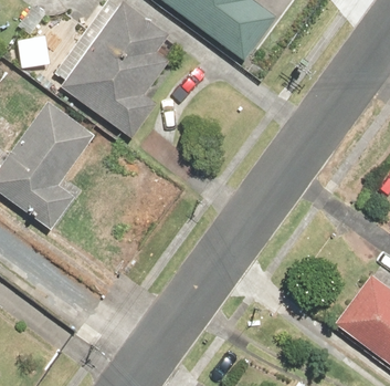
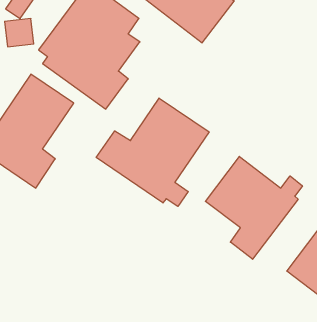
building: none -> [96,98,209,206]
building: none -> [205,156,302,259]

